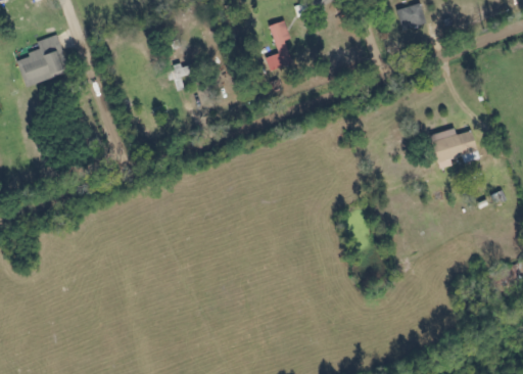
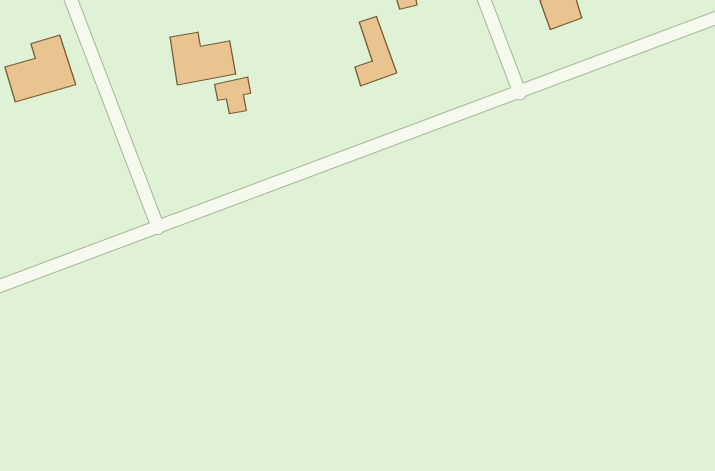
building: none -> [170,32,235,85]
building: [430,129,479,169] -> none

